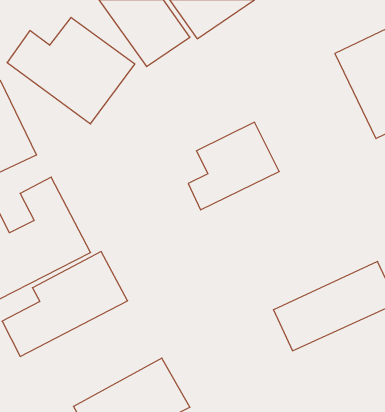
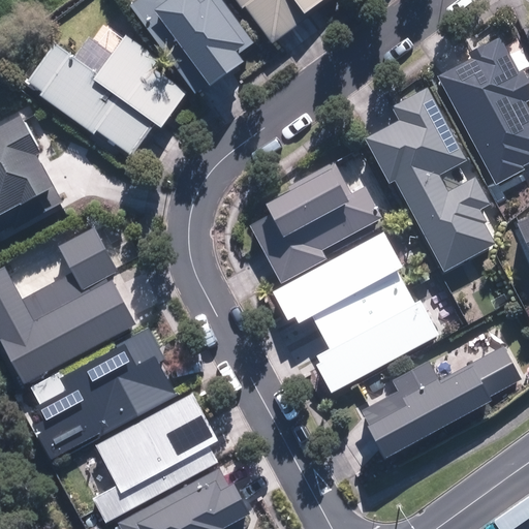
building: none -> [371,96,500,274]
building: none -> [270,228,439,390]
building: none -> [73,388,220,506]

